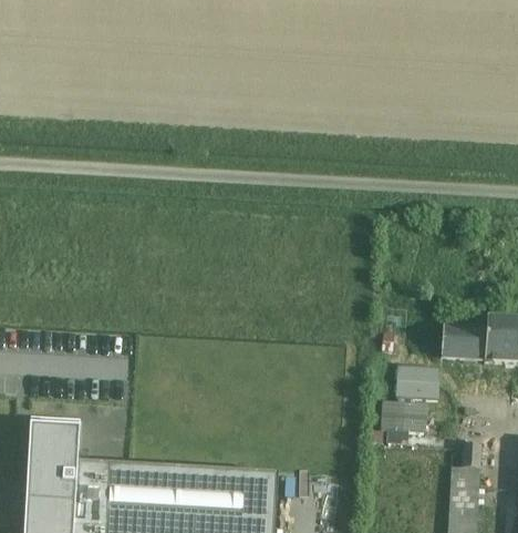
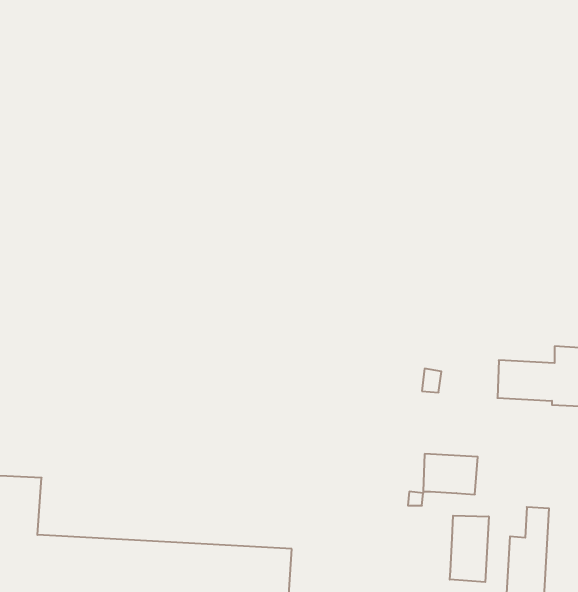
building: [396,365,438,401] -> none
building: none -> [450,516,489,582]

